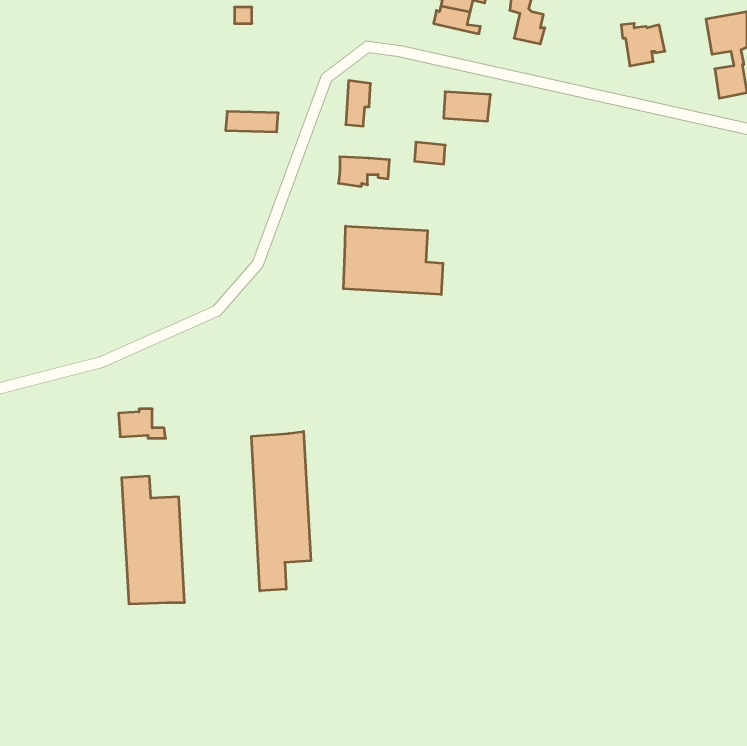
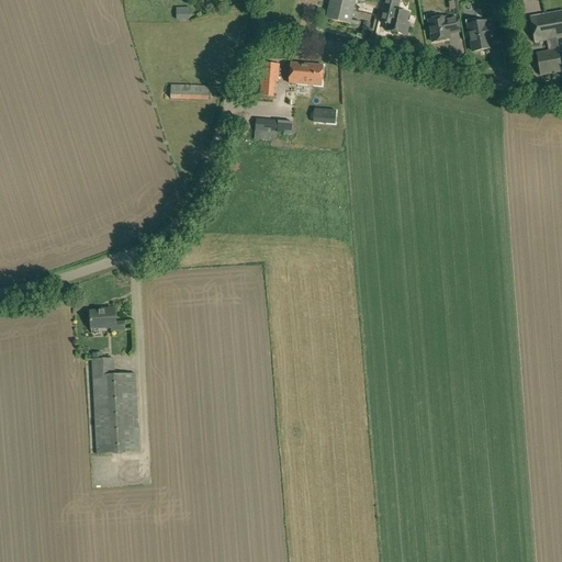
building: none -> [428,15,459,41]
building: [444,92,491,121] -> [288,61,323,83]
building: [343,226,443,295] -> none
building: [252,431,311,591] -> none

